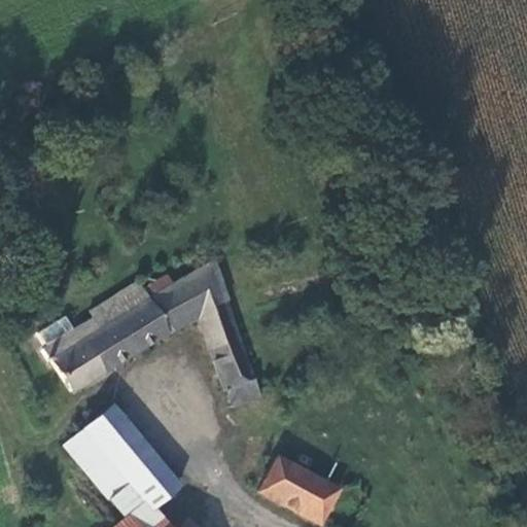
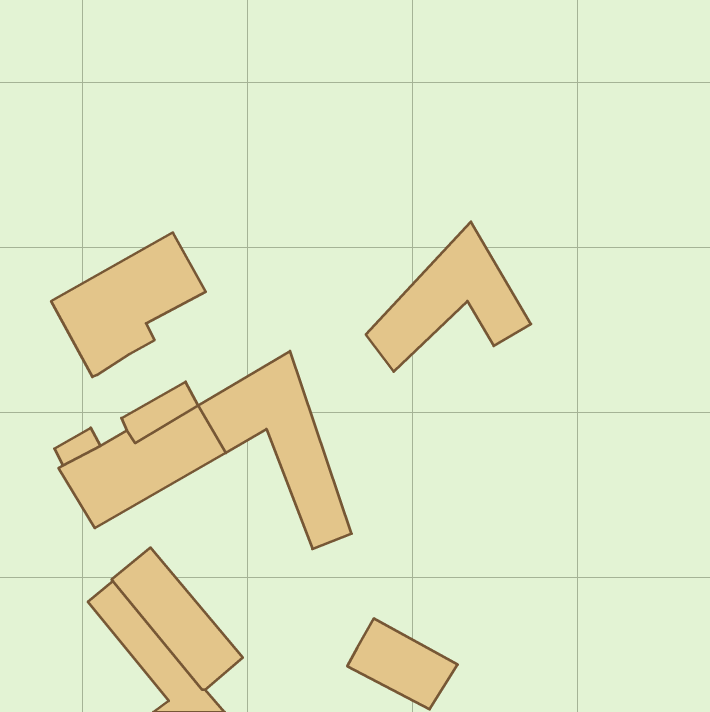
building: none -> [366,222,531,372]
building: none -> [51,233,206,377]

